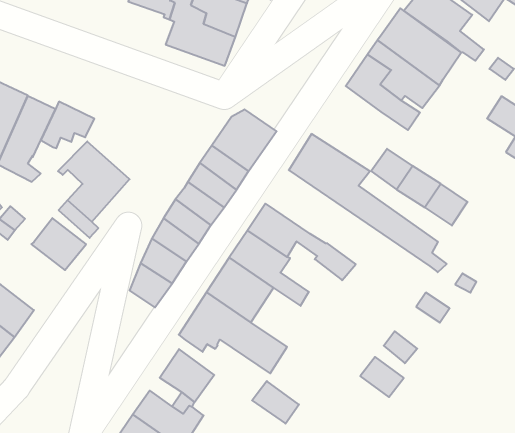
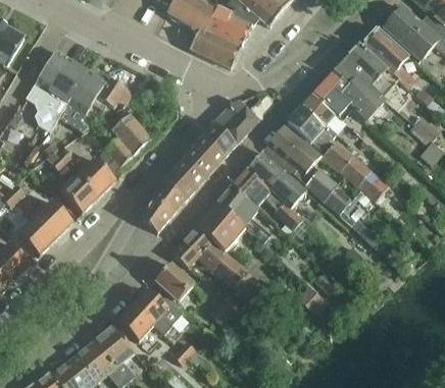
building: none -> [286,94,335,150]
building: none -> [245,152,305,201]
building: none -> [59,168,97,214]

